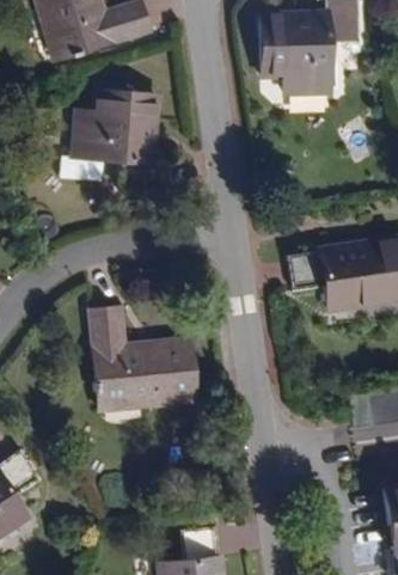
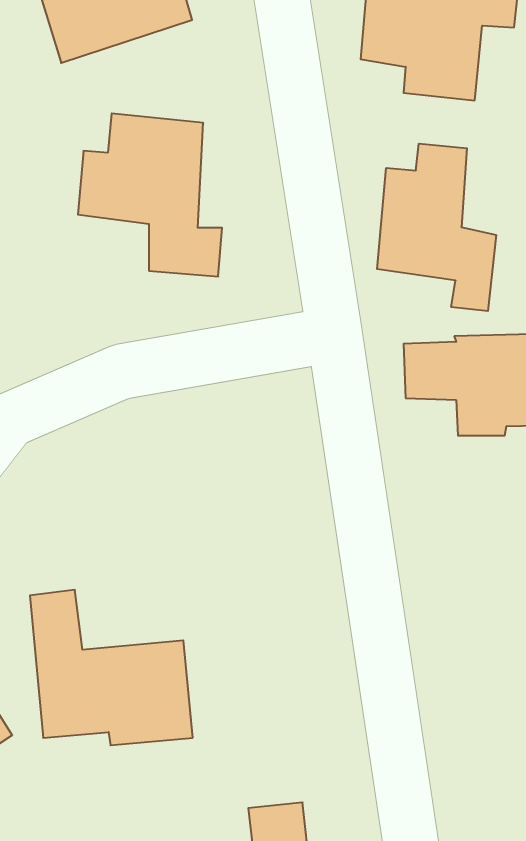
building: none -> [377,144,496,311]
building: [90,308,194,408] -> [30,590,193,745]

